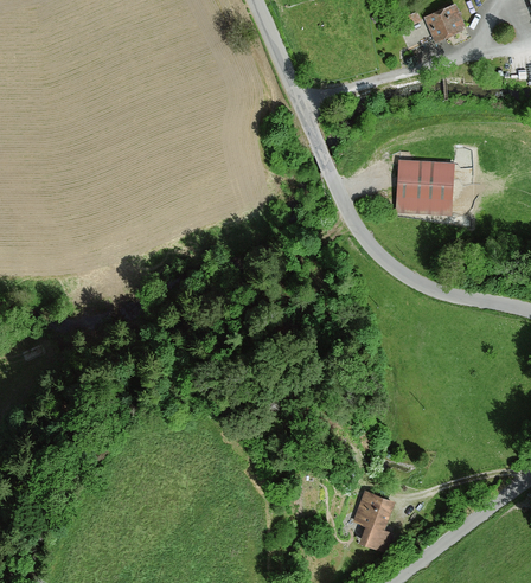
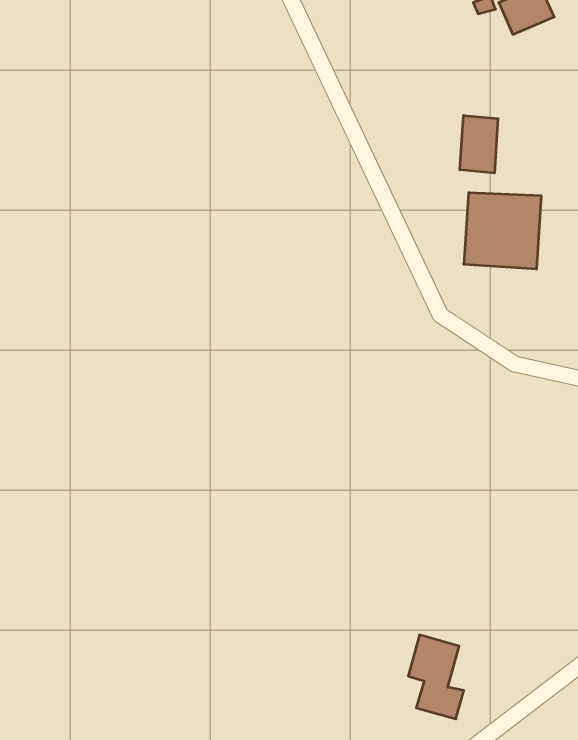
building: none -> [460,115,498,173]

